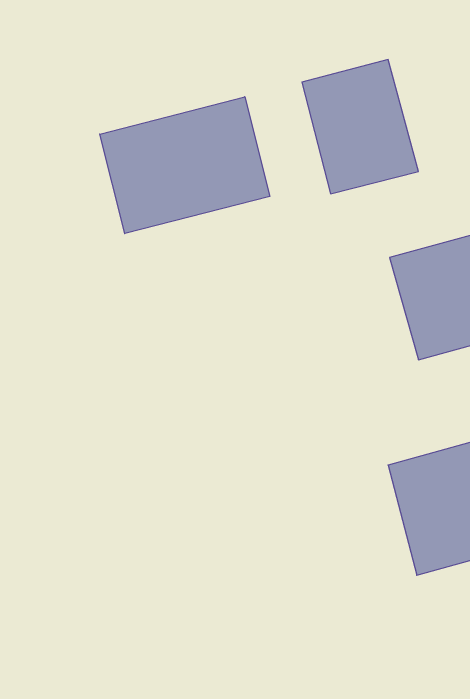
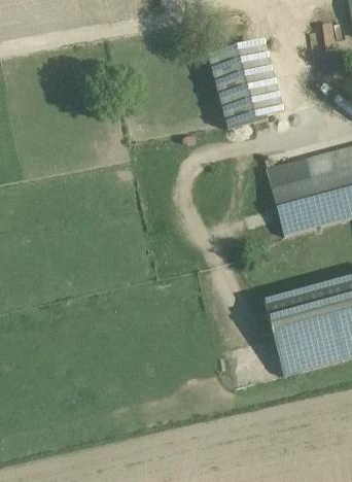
building: [100,97,270,234] -> none

